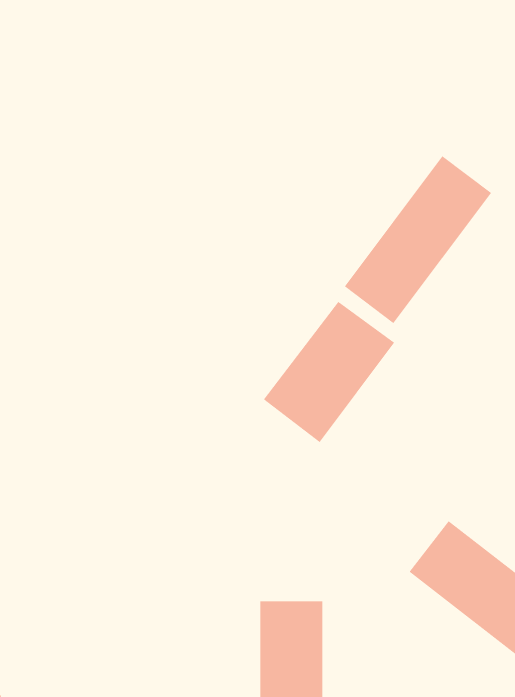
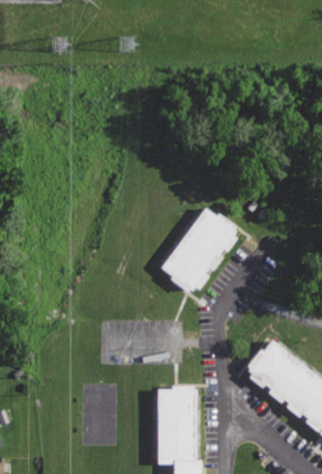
building: [344,155,492,324] -> none

